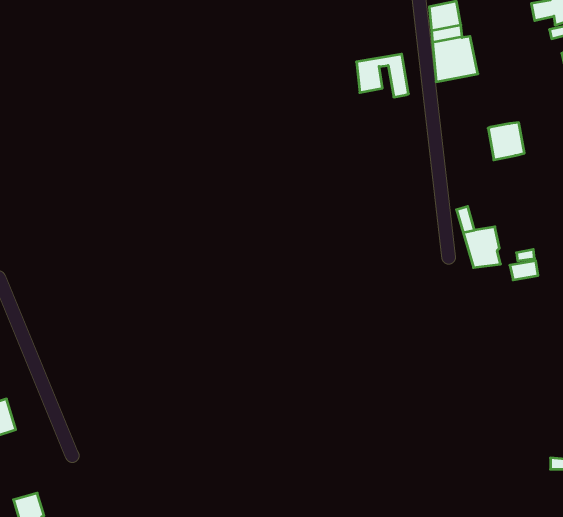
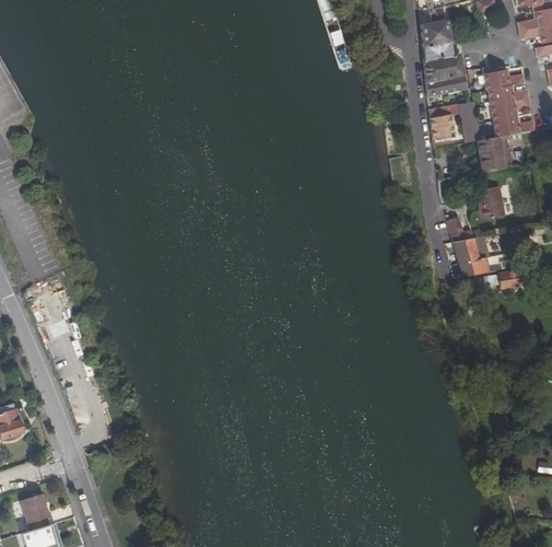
building: none -> [484,69,537,137]
building: [356,54,409,97] -> [430,102,480,143]
building: none -> [478,186,505,220]

